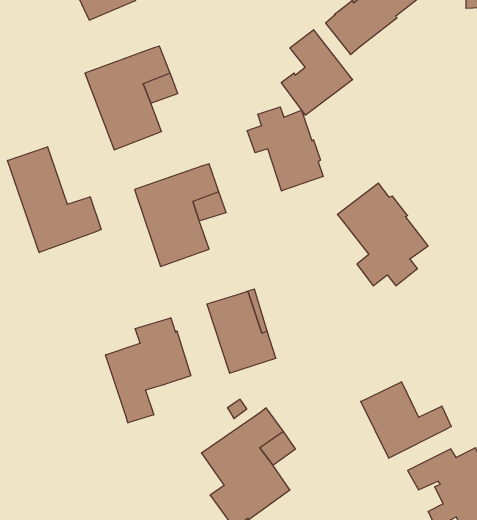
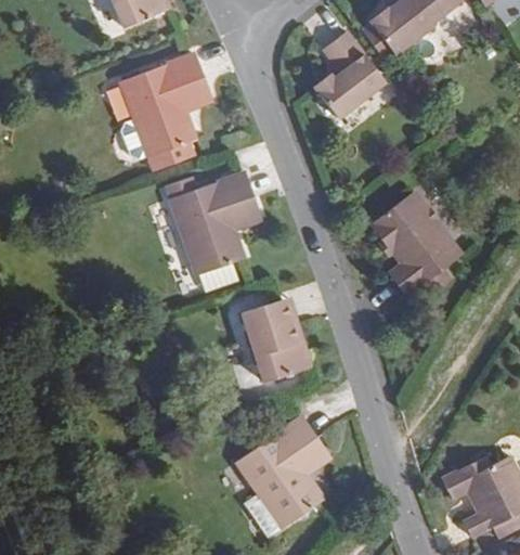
building: [247,107,323,191] -> none
building: [7,147,101,253] -> none
building: [106,318,191,423] -> none
building: [361,382,451,458] -> none

